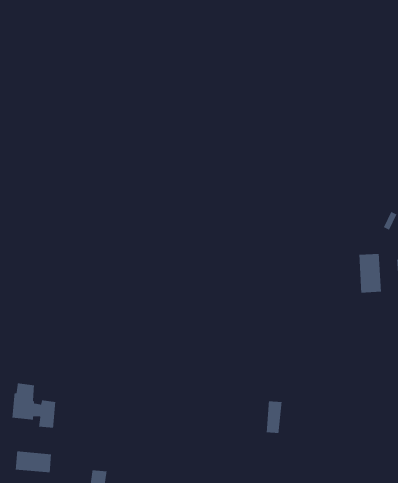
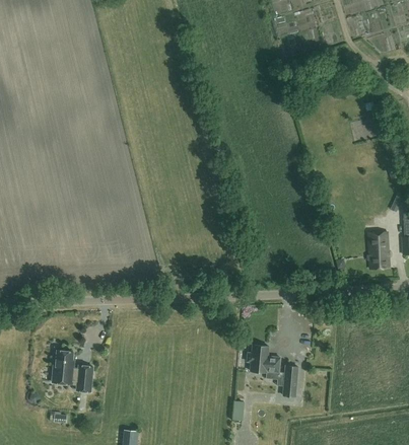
building: none -> [248,345,280,372]
building: [15,451,52,473] -> none

